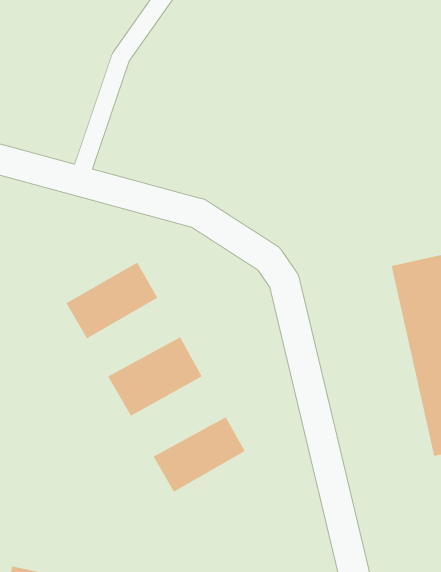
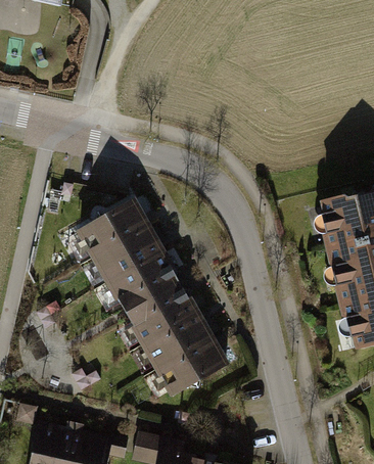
building: none -> [94,227,163,285]
building: none -> [127,285,197,344]
building: none -> [158,340,226,396]

